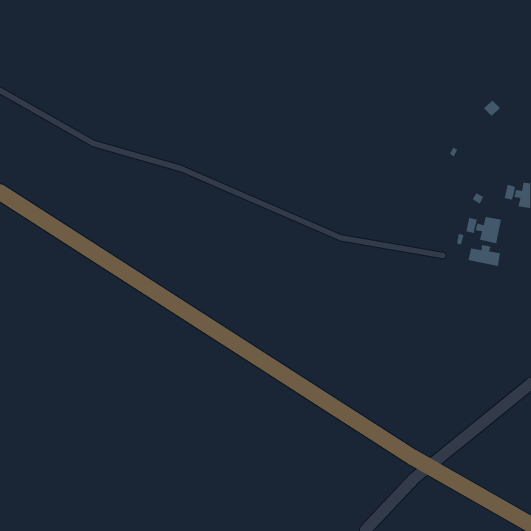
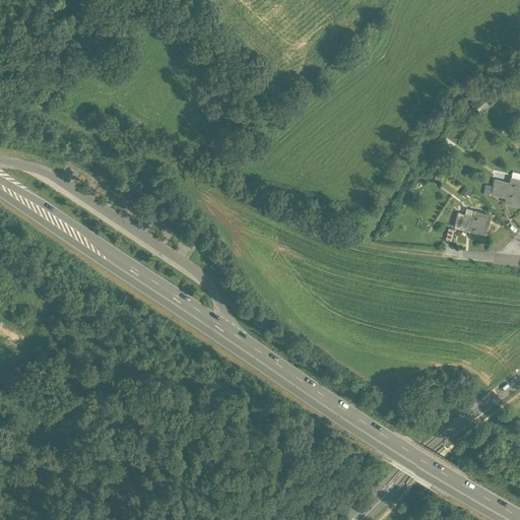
building: [467,244,501,267] -> none

